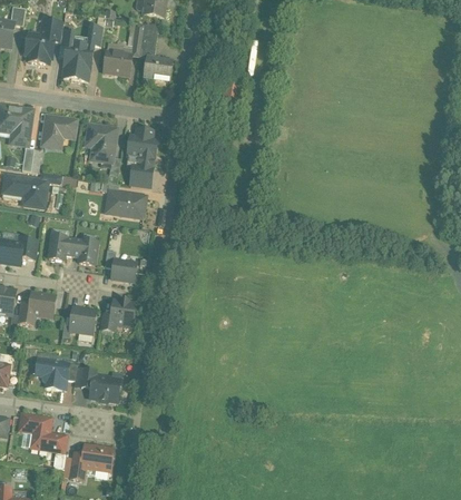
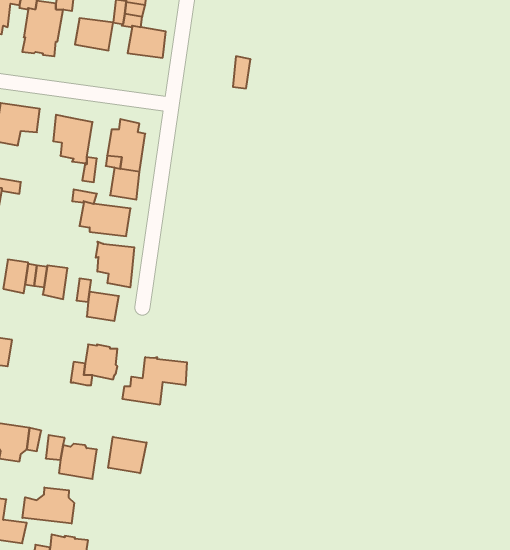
building: none -> [96,242,134,287]
building: [69,307,95,333] -> none
building: none -> [123,357,187,405]
building: none -> [108,437,147,473]
building: none -> [22,487,74,524]

